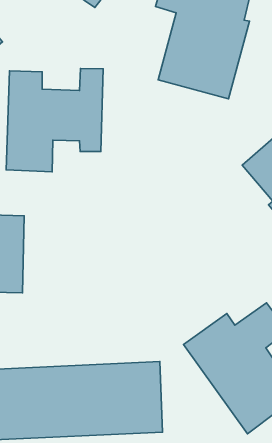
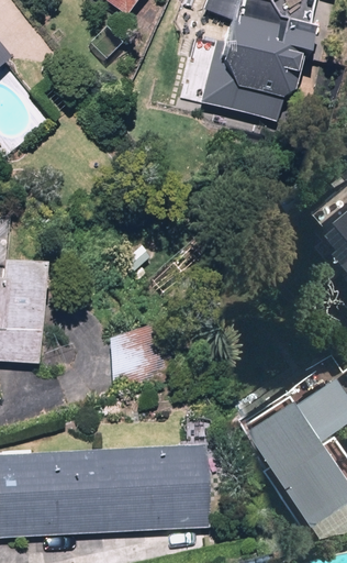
building: [6,68,103,172] -> none

